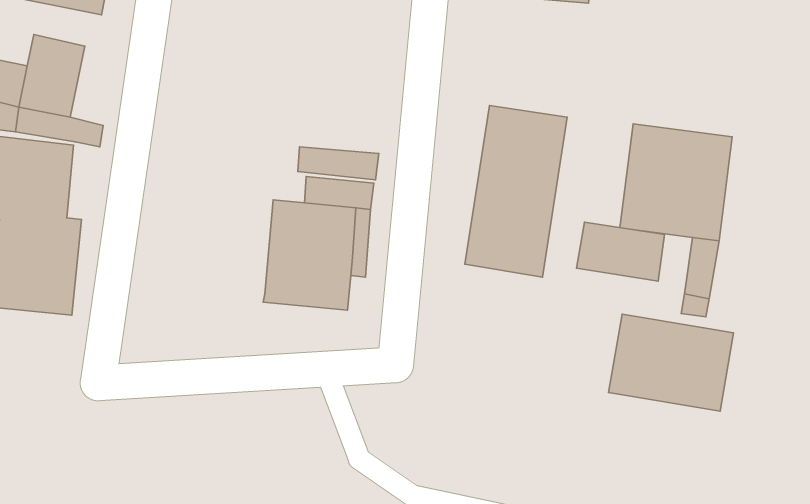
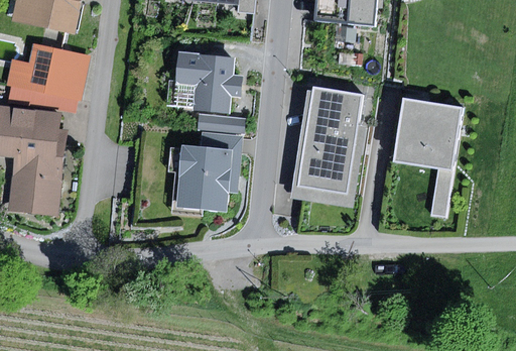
building: none -> [56,51,89,100]
building: none -> [174,51,243,114]
building: [576,222,664,281] -> none
building: [609,314,734,411] -> none

